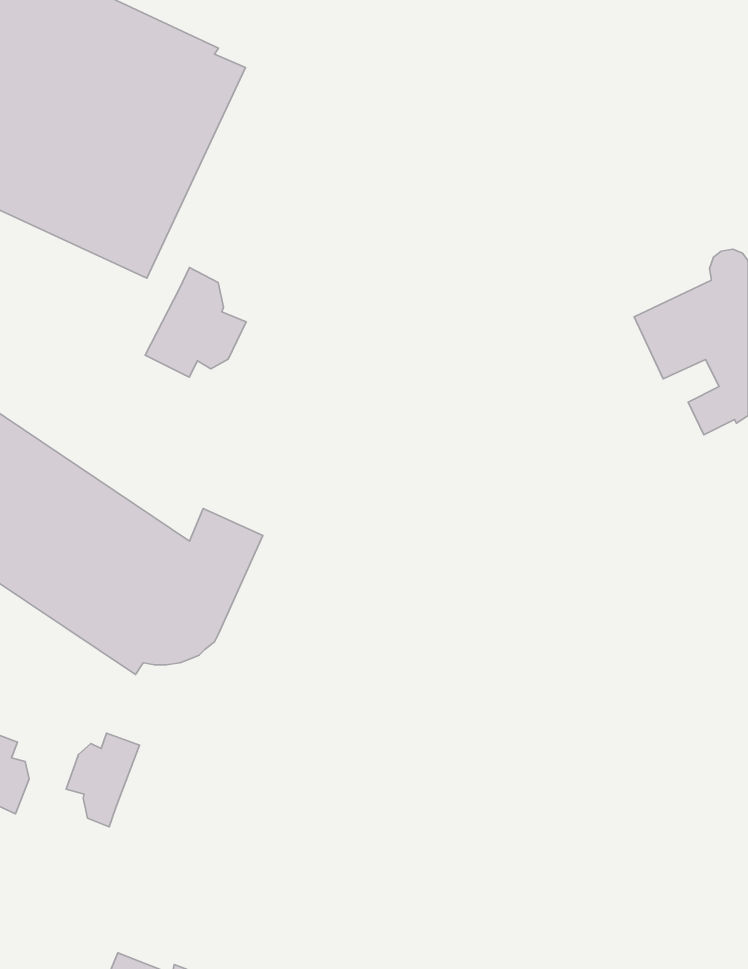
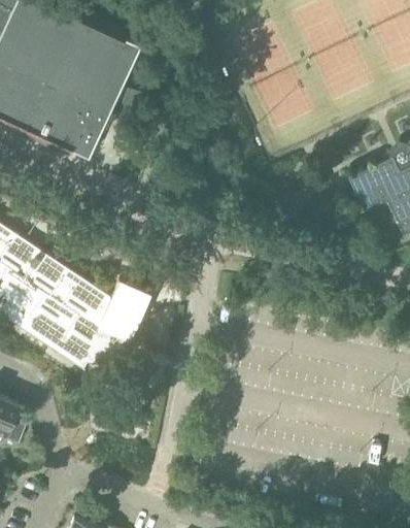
building: [145,268,246,377] -> none
building: [66,733,139,827] -> none

